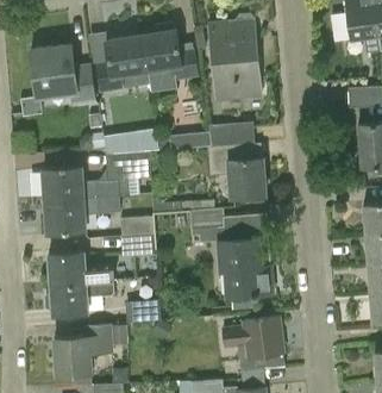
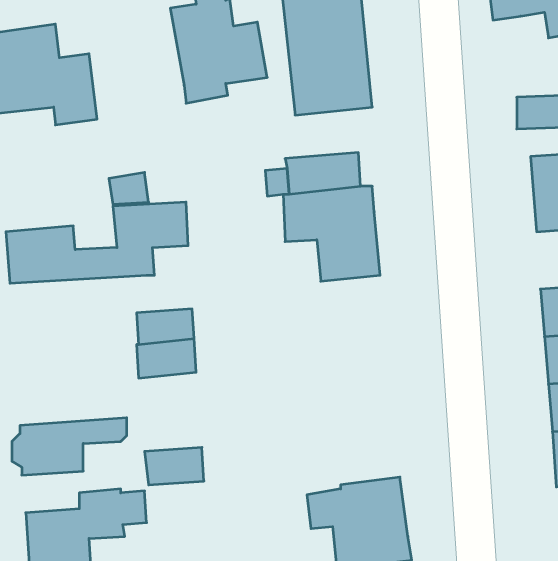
building: [94,35,148,92] -> none
building: [43,195,126,233] -> none
building: [189,207,273,298] -> none
building: [46,251,113,286] -> none

